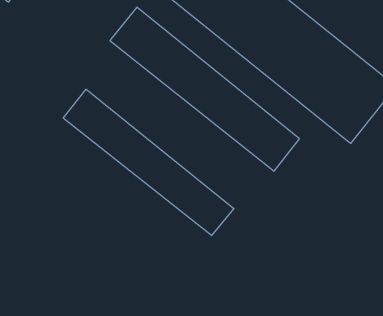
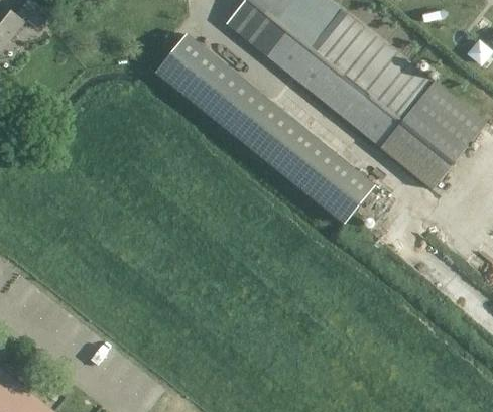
building: [63,89,234,236] -> none

